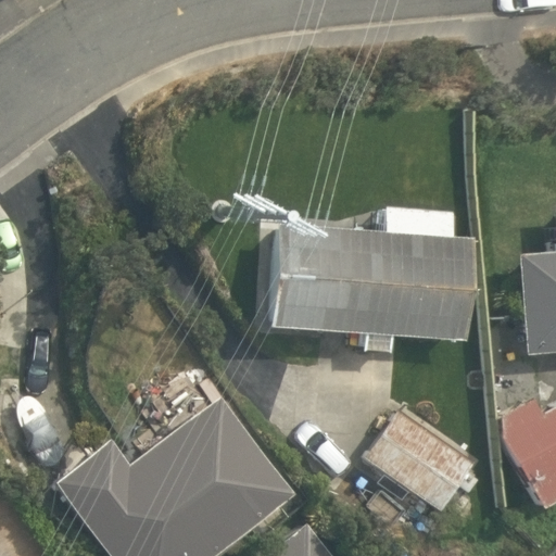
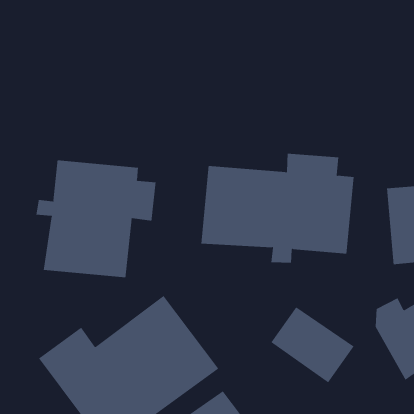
building: none -> [36,159,156,278]

